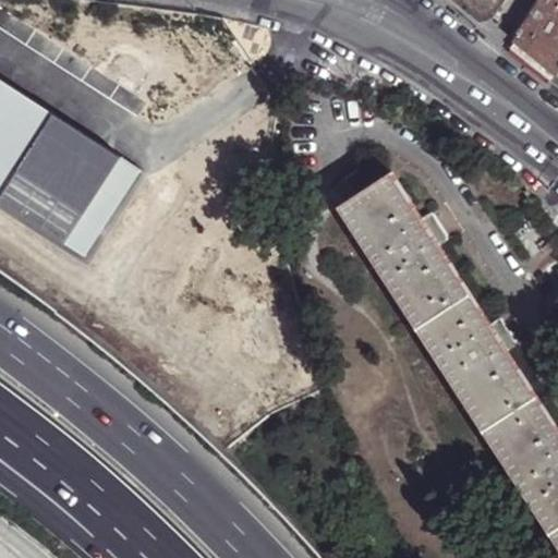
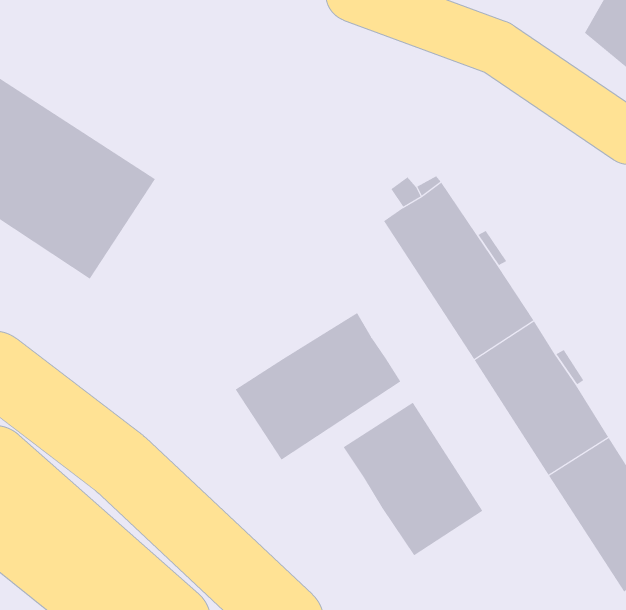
building: none -> [235,312,401,460]
building: none -> [343,402,483,556]

